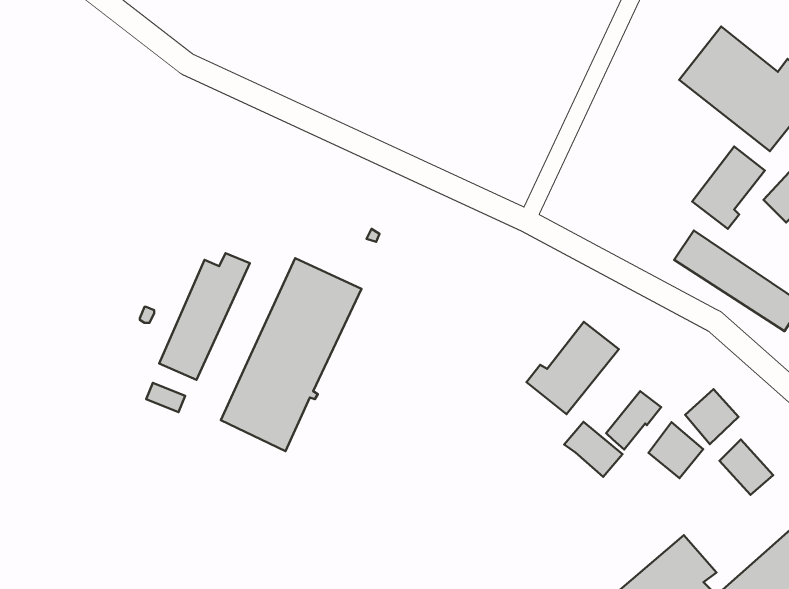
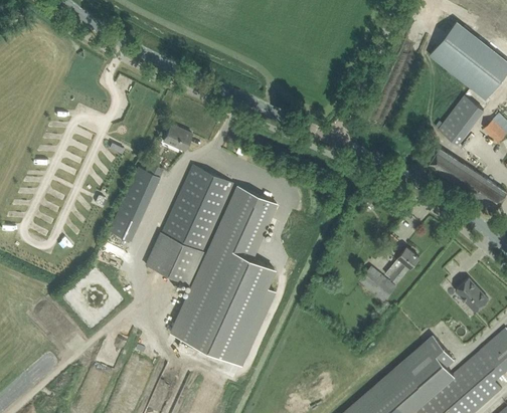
building: none -> [163,125,192,151]
building: none -> [171,187,276,366]
building: [527,322,619,414] -> none
building: [685,389,738,444] -> none
building: [648,422,703,478] -> none

